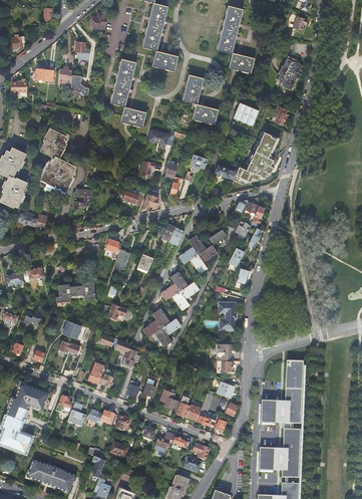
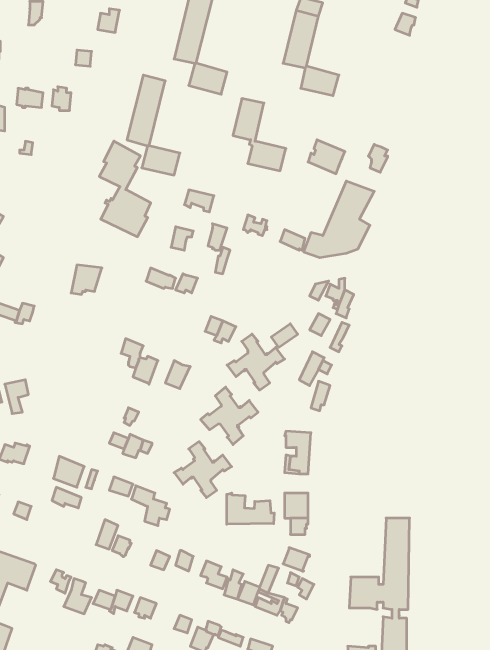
building: [277,55,304,89] -> none
building: [40,126,75,191] -> [99,141,151,237]
building: [56,281,95,301] -> none
building: none -> [227,493,274,524]

